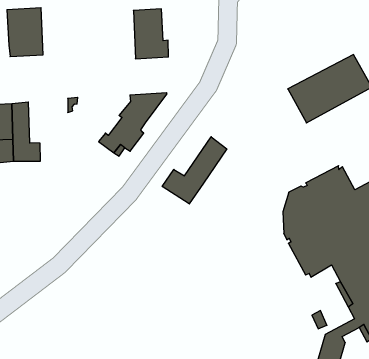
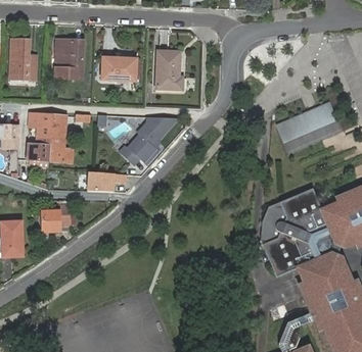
building: none -> [102,57,136,81]
building: [162,137,227,204] -> none
building: none -> [86,171,120,192]
building: none -> [42,204,69,232]

